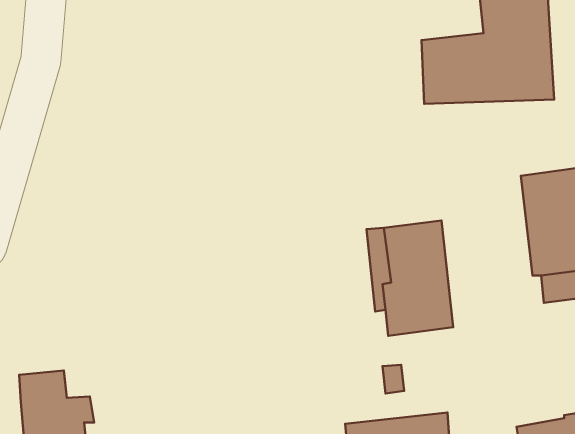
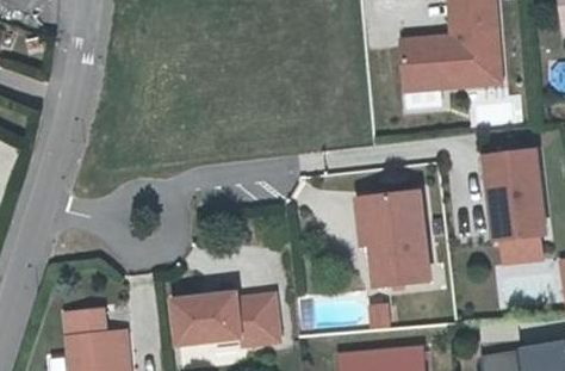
building: none -> [178,297,284,350]

